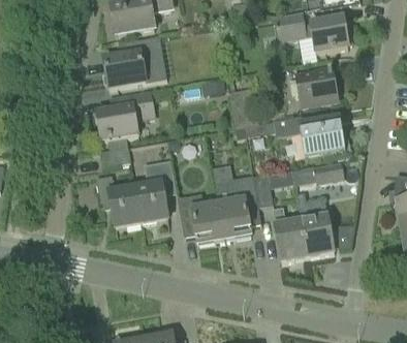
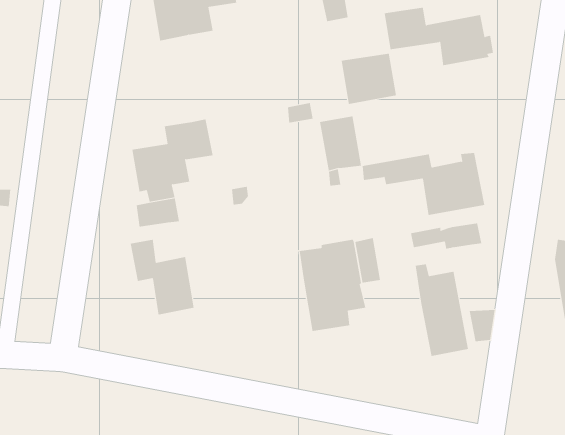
building: [104,35,165,88] -> none
building: [298,70,337,106] -> [341,53,397,104]
building: [135,159,177,222] -> none
building: [178,192,224,244] -> none
building: [273,207,308,260] -> none

